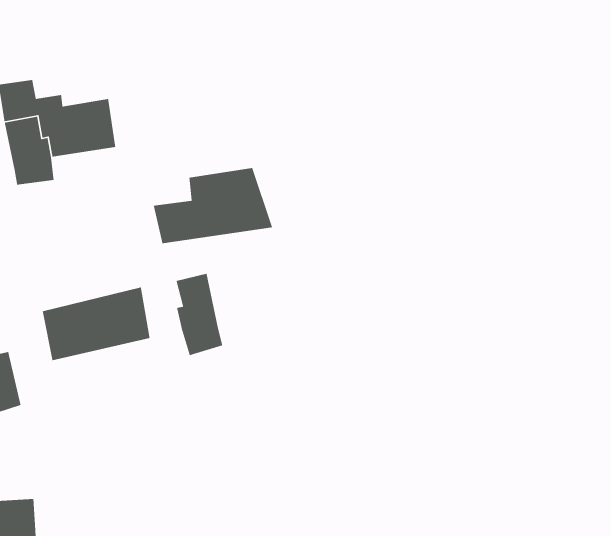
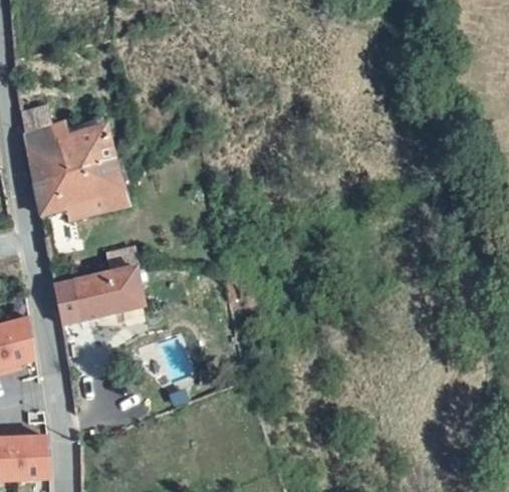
building: [153,167,273,244] -> [34,156,130,217]
building: [176,273,223,356] -> none

